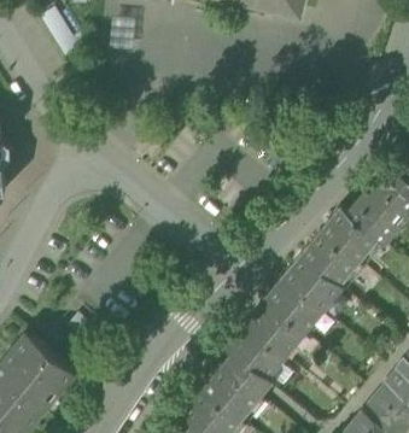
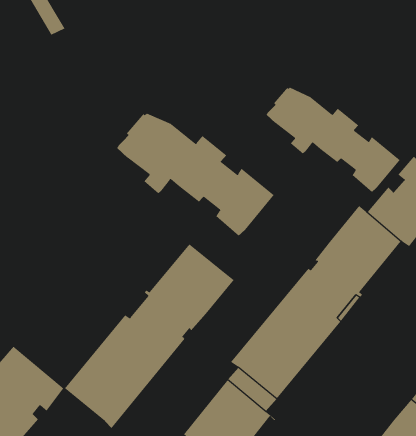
building: none -> [266,87,401,193]
building: none -> [116,113,274,237]
building: none -> [64,244,235,429]

